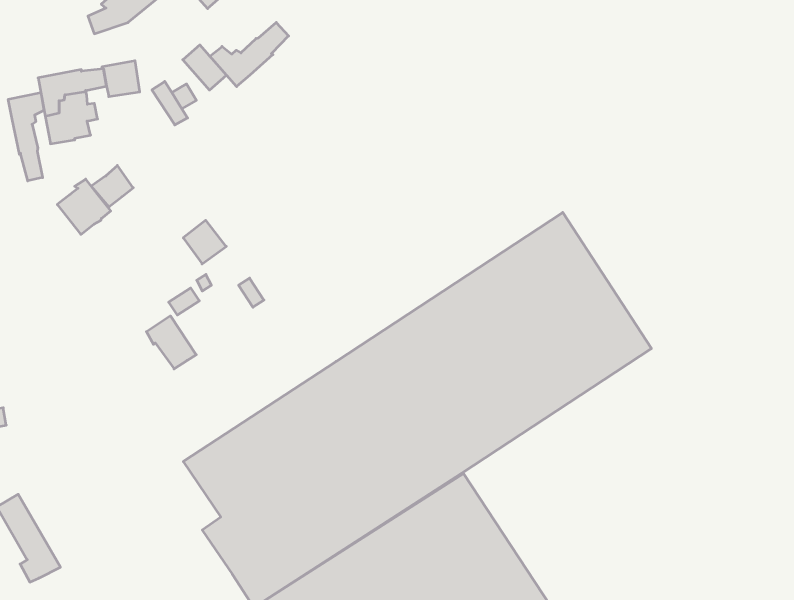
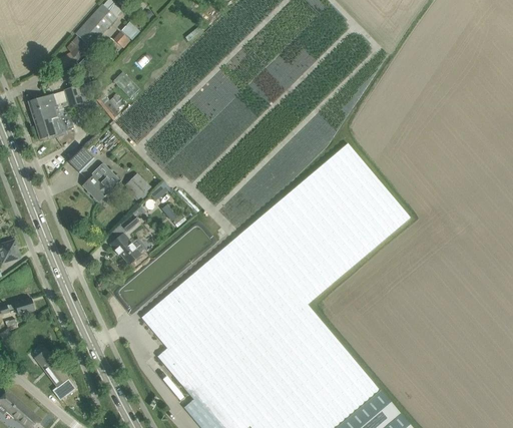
building: [210,22,289,87] -> none
building: [8,93,44,181] -> none
building: [57,179,111,234] -> [82,168,114,201]

